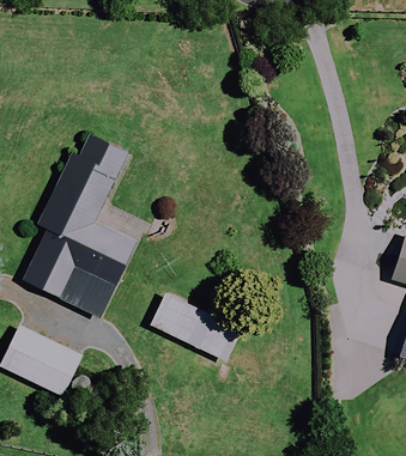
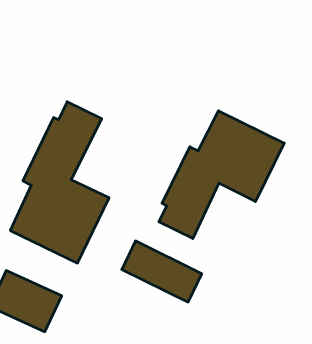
building: none -> [159,111,284,239]

